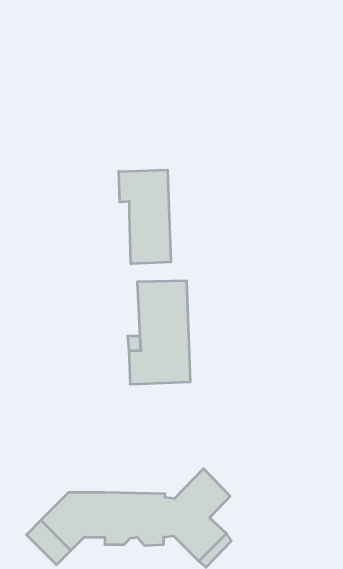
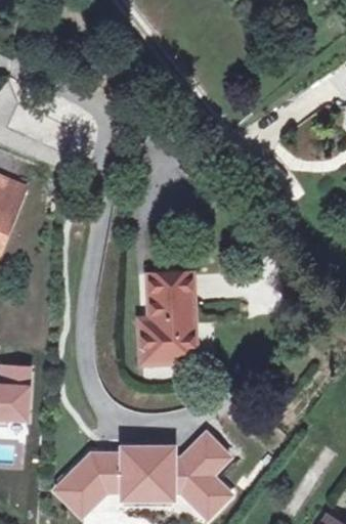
building: [119,170,171,264] -> none

